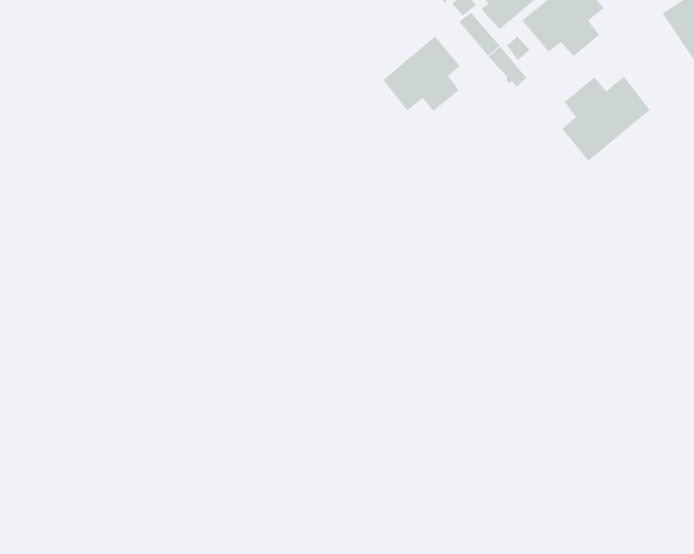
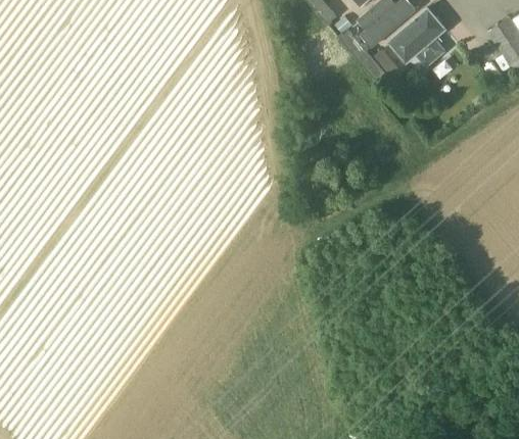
building: [382,35,460,112] -> none
building: [562,76,650,162] -> none

